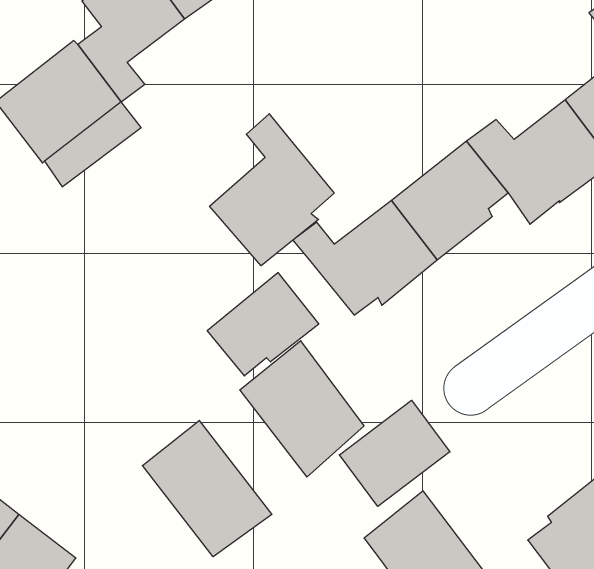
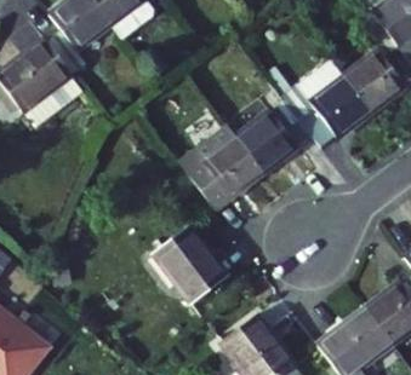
building: [210,114,334,266] -> none
building: [207,273,319,376] -> none
building: [339,400,450,506] -> none
building: [142,420,272,557] -> none

